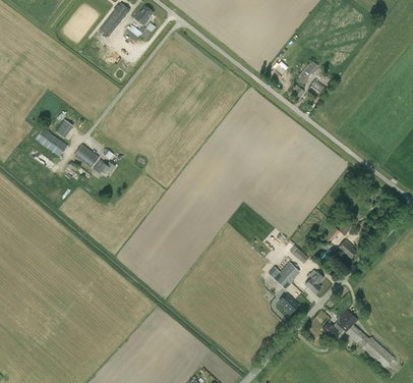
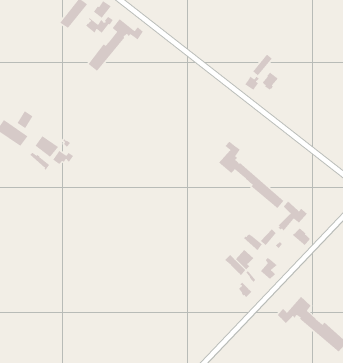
building: none -> [87,18,144,72]
building: none -> [218,141,284,209]

